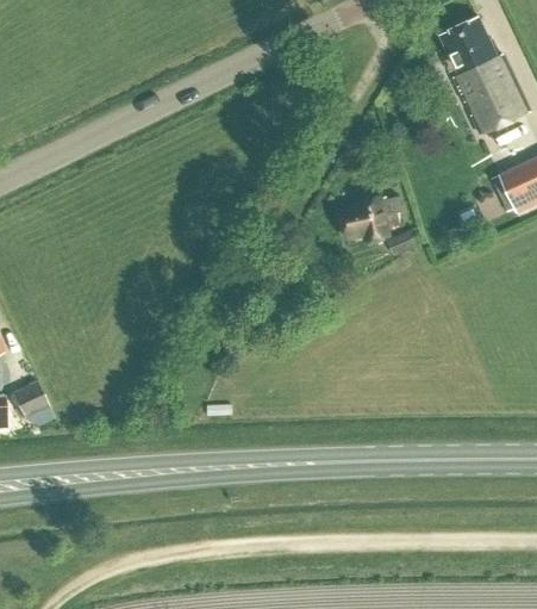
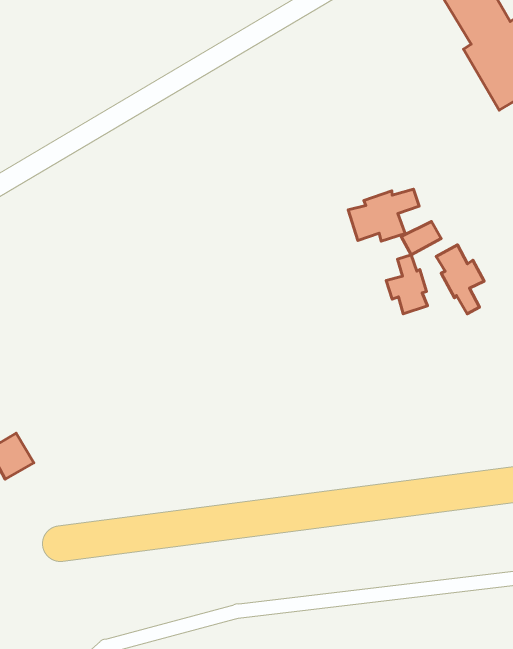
building: none -> [436,245,484,314]
building: none -> [386,255,427,314]

